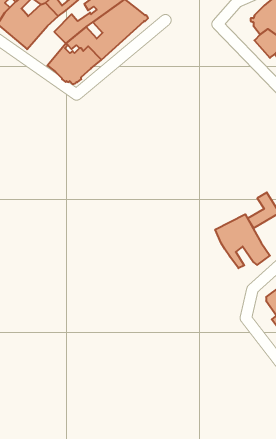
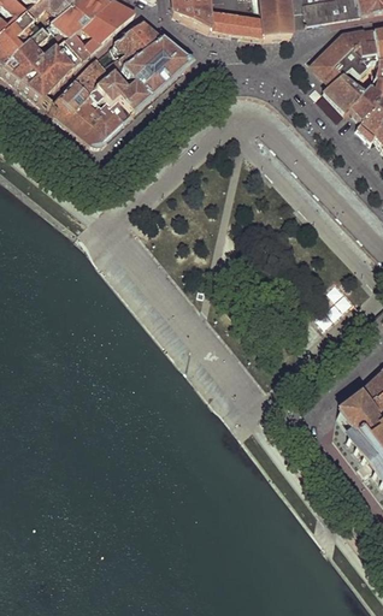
building: none -> [48,79,89,122]
building: [215,214,270,268] -> none

